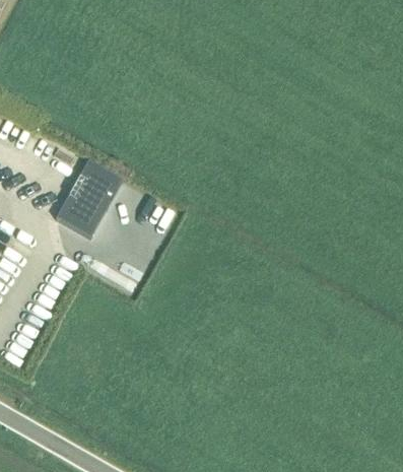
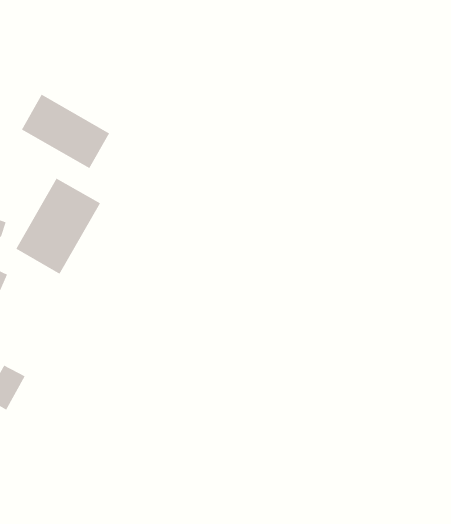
building: none -> [21,94,110,169]

